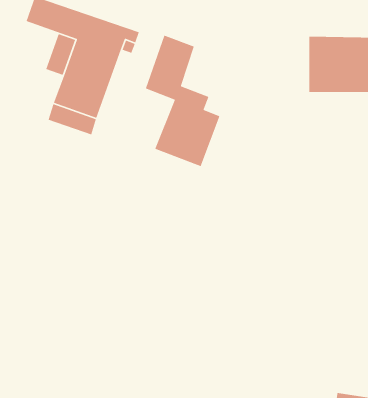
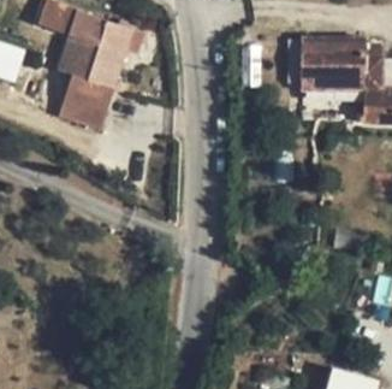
building: [145,34,220,167] -> none

